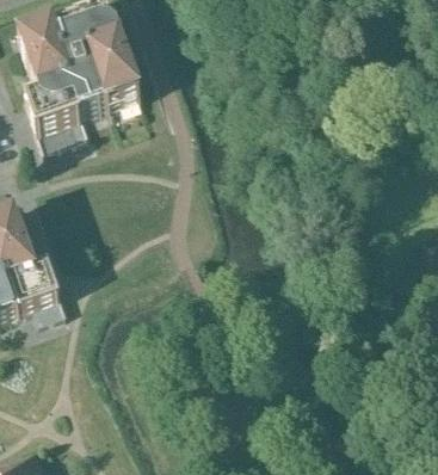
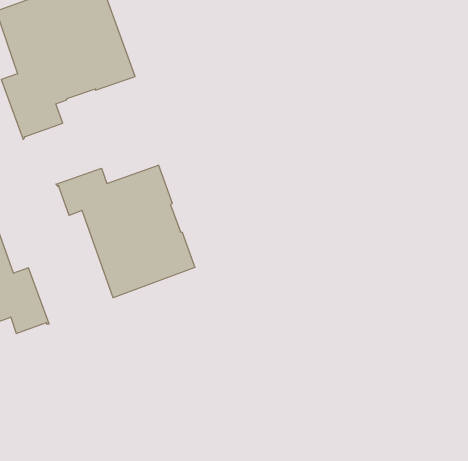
building: none -> [56,165,195,298]

